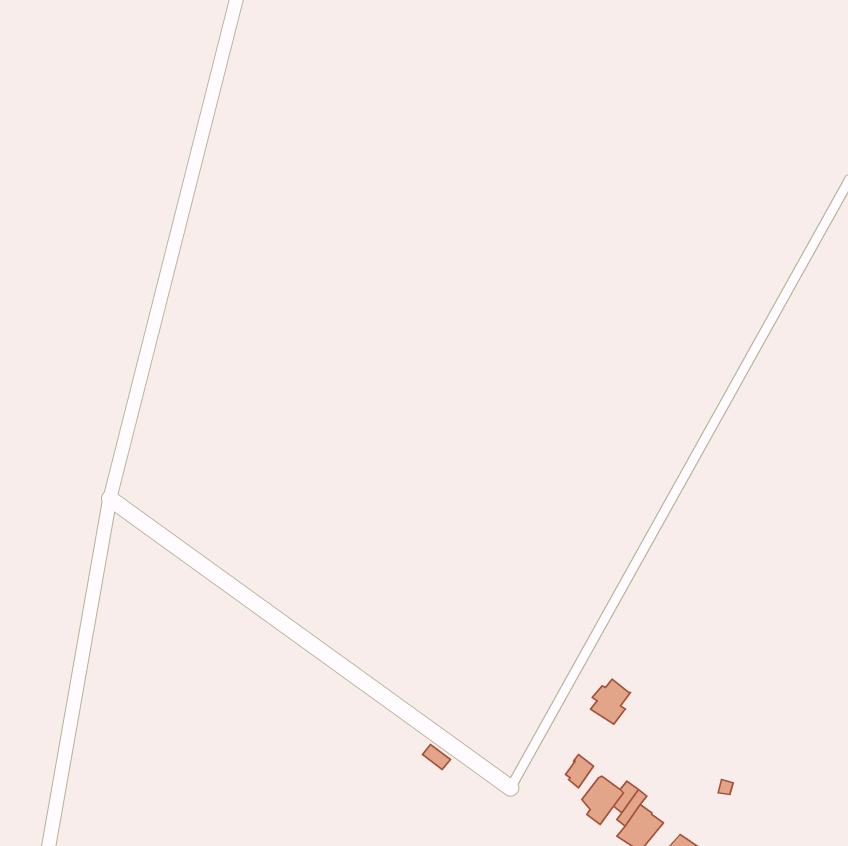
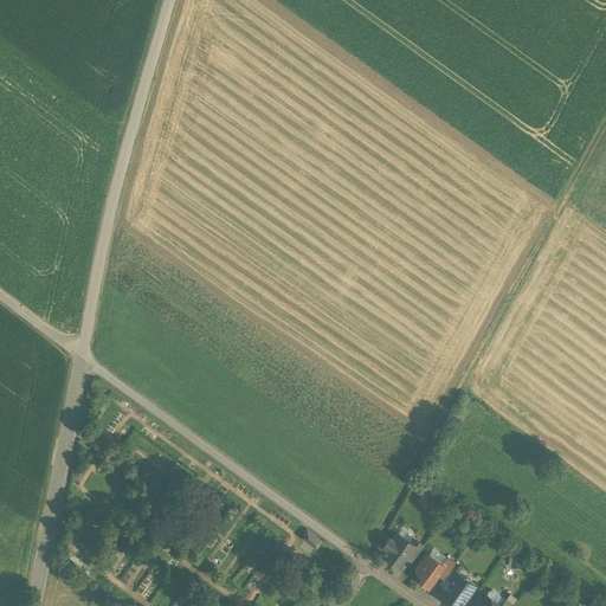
building: [590,679,630,724] -> [382,535,411,567]

